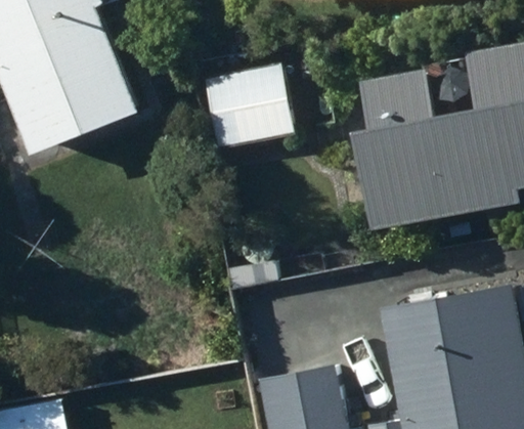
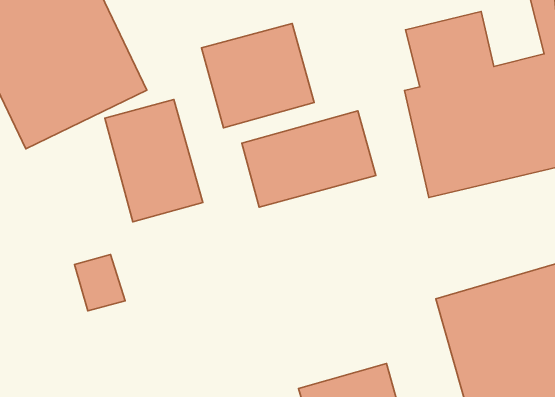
building: none -> [105,100,203,222]
building: none -> [242,111,376,207]

